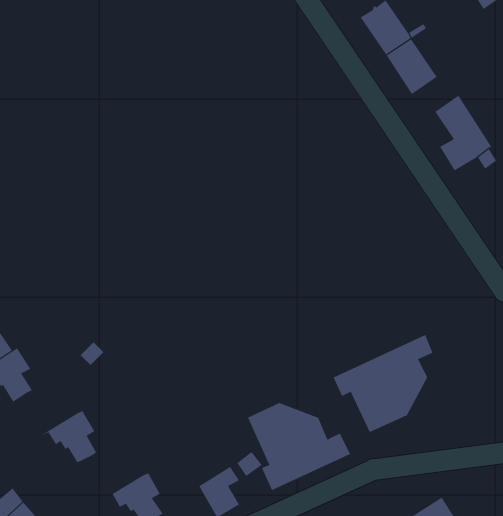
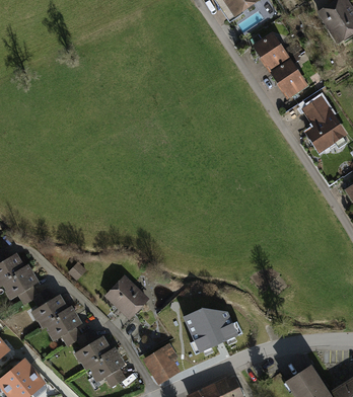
building: [333,334,433,433] -> none
building: none -> [107,279,145,317]
building: none -> [32,290,66,325]
building: none -> [76,331,110,367]

